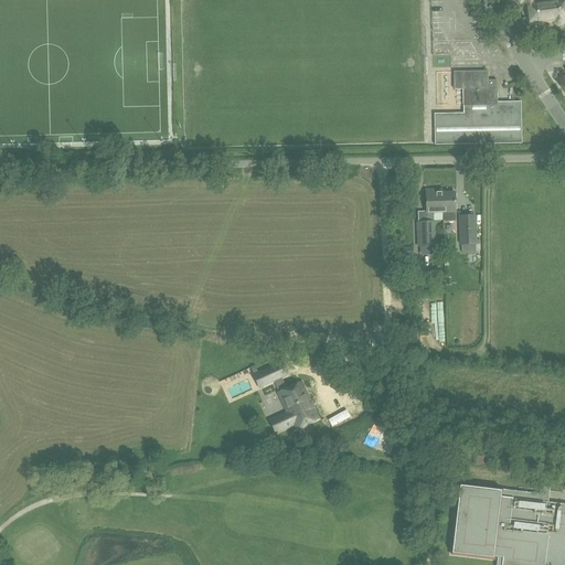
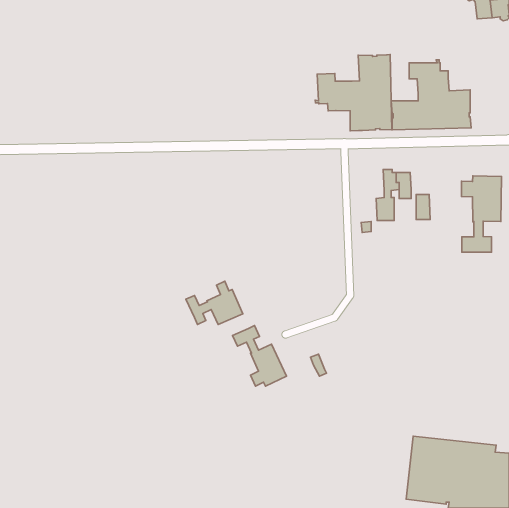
building: none -> [315,55,392,131]
building: none -> [462,176,501,252]
building: none -> [186,281,243,325]

